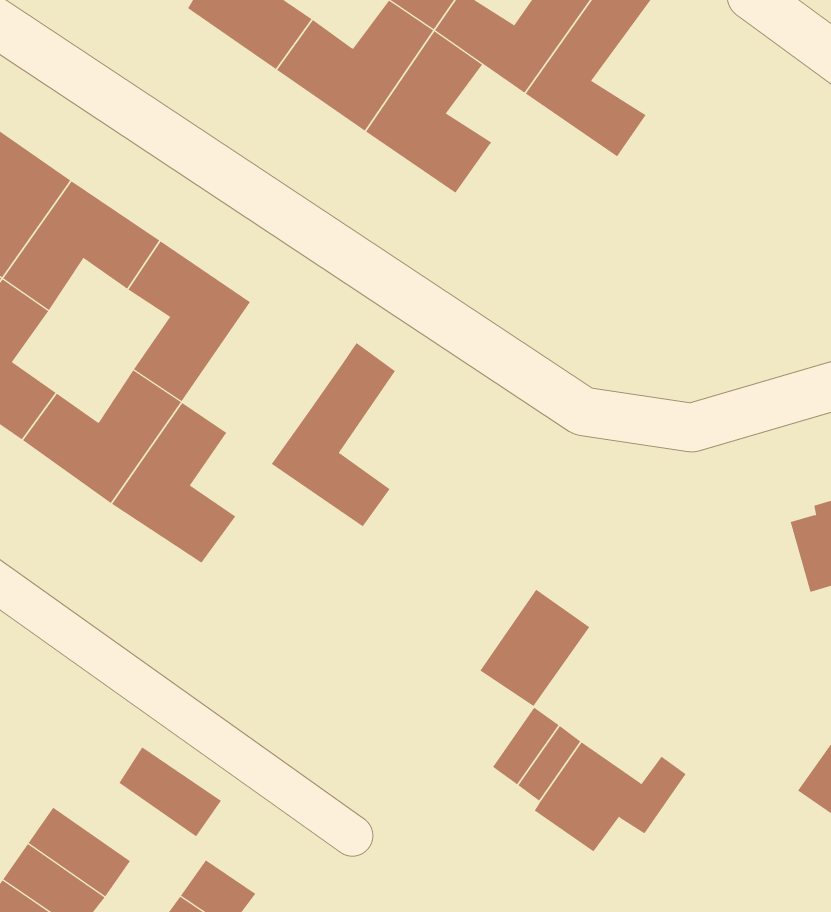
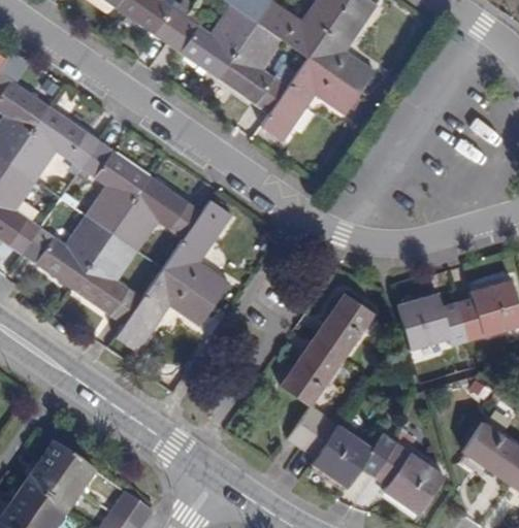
building: none -> [260,57,359,140]
building: none -> [111,175,202,250]
building: none -> [115,267,215,352]
building: none -> [396,292,468,350]
building: none -> [313,293,376,360]
building: [118,746,222,837] -> [38,441,97,493]
building: none -> [375,443,445,515]

